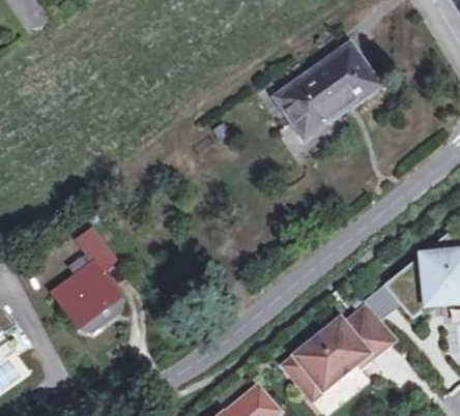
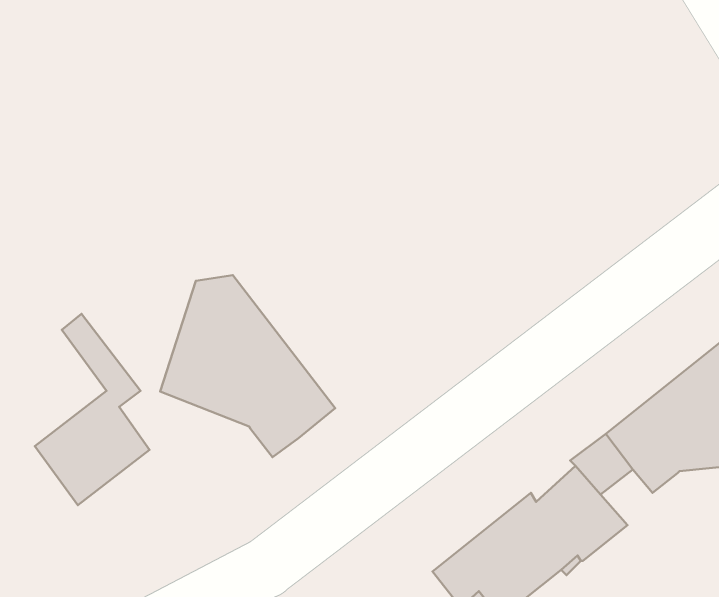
building: [278,46,375,136] -> none
building: none -> [160,275,335,457]

